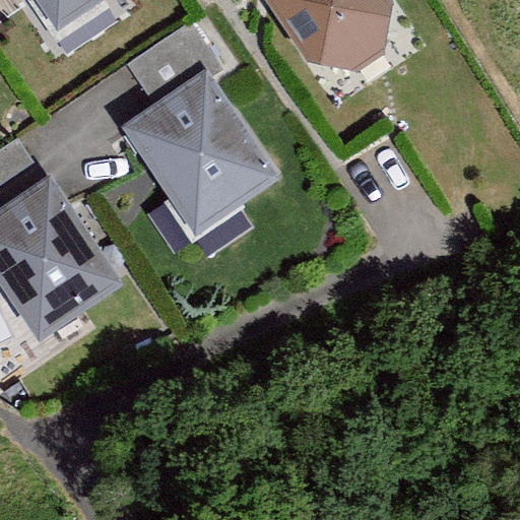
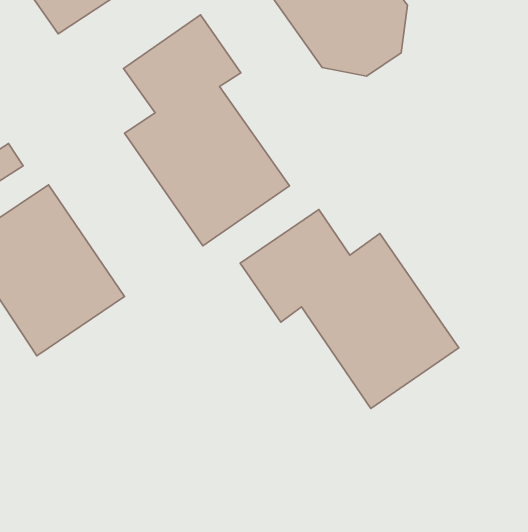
building: none -> [240,209,459,409]

